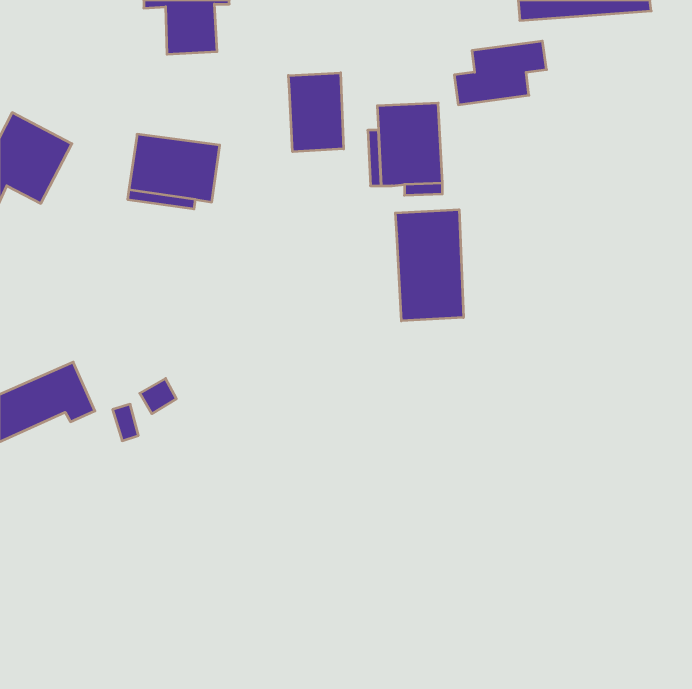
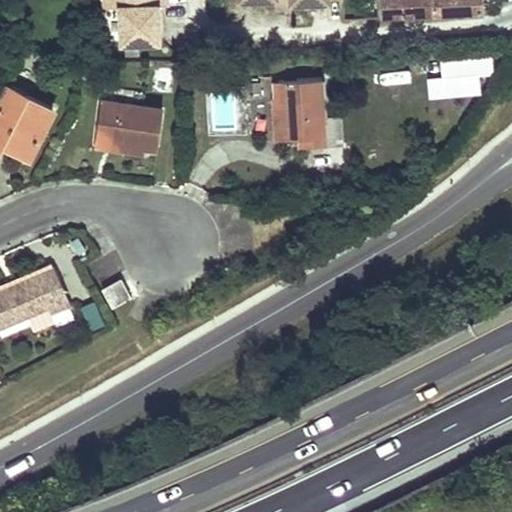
building: [454,41,547,105] -> [427,50,495,97]
building: [288,73,344,152] -> none
building: [395,210,463,321] -> none

